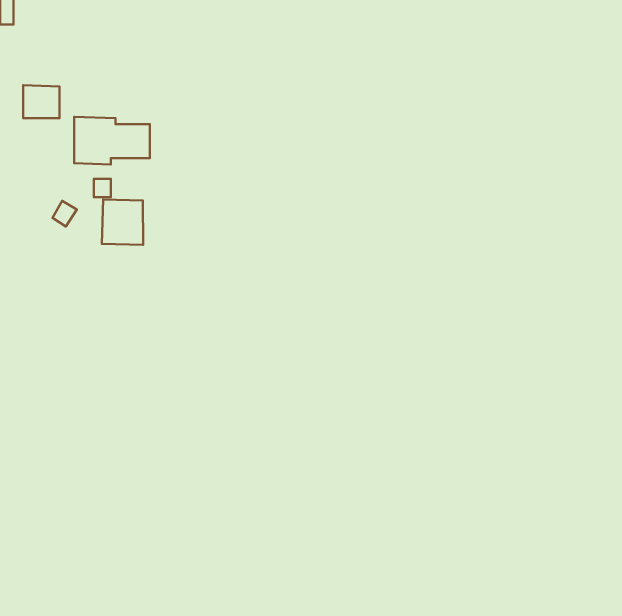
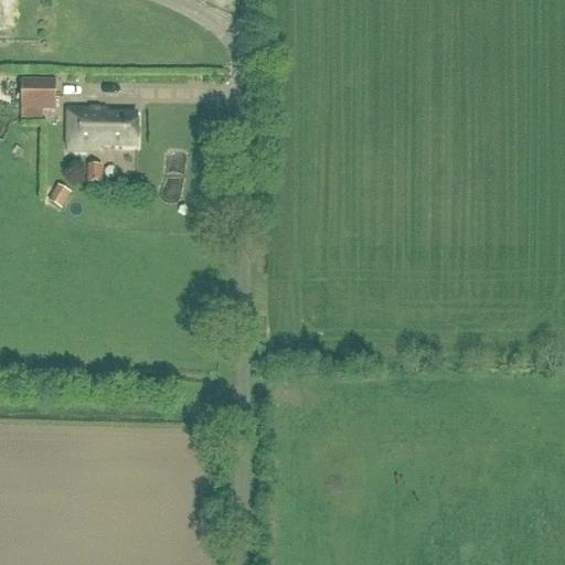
building: [102,199,143,245] -> none

